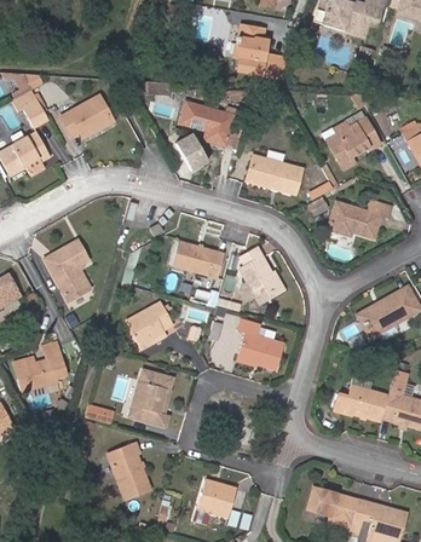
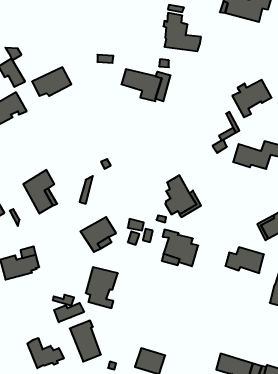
building: [174,131,212,173] -> none
building: [247,155,300,192] -> none
building: [173,241,217,275] -> none
building: [333,386,385,421] -> [225,247,264,273]
building: none -> [54,303,84,322]
building: none -> [27,338,64,368]

